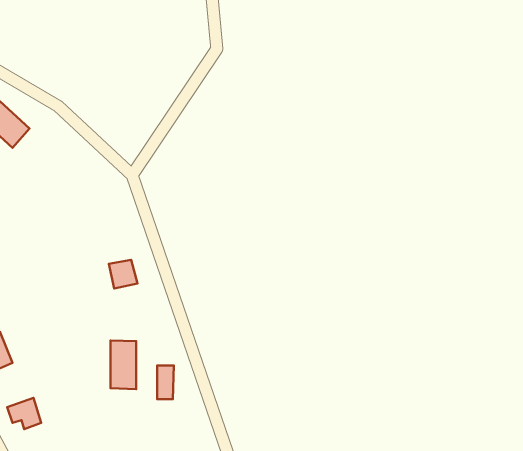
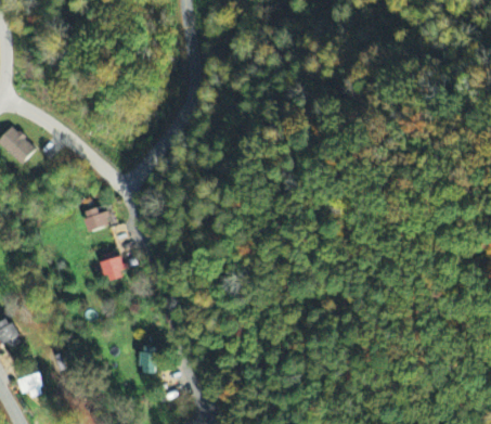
building: none -> [82,207,114,231]
building: [110,340,136,389] -> none

